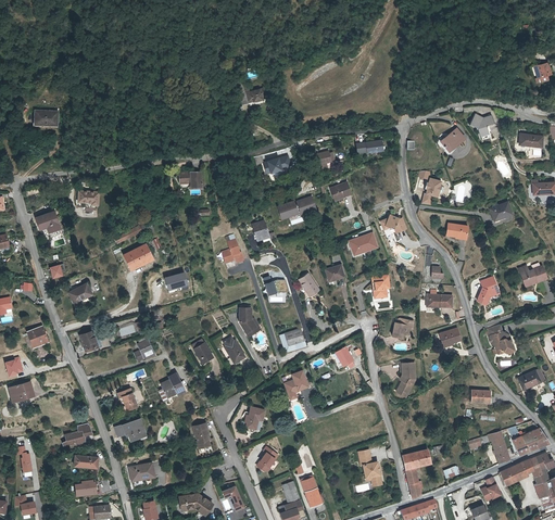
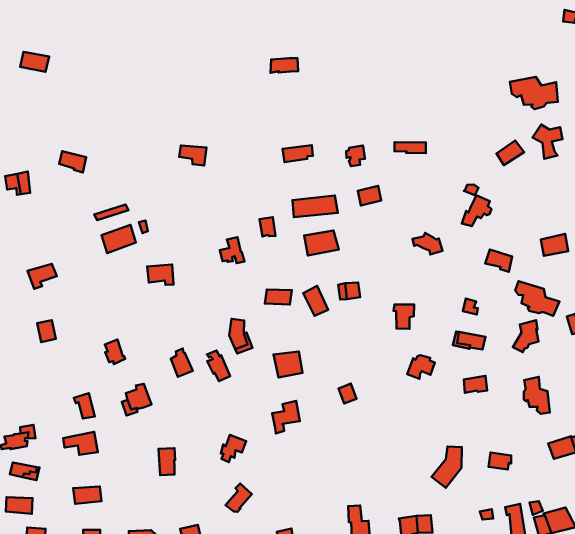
building: none -> [510,77,558,109]
building: [349,232,379,256] -> [304,230,339,256]
building: none -> [515,281,560,316]
building: [393,362,417,397] -> [432,446,462,488]

